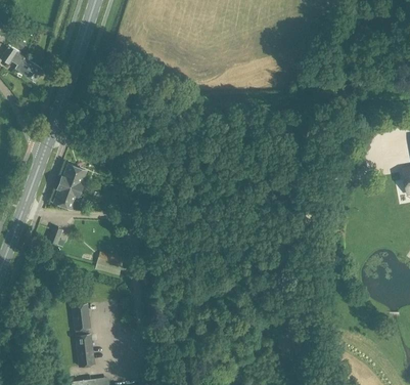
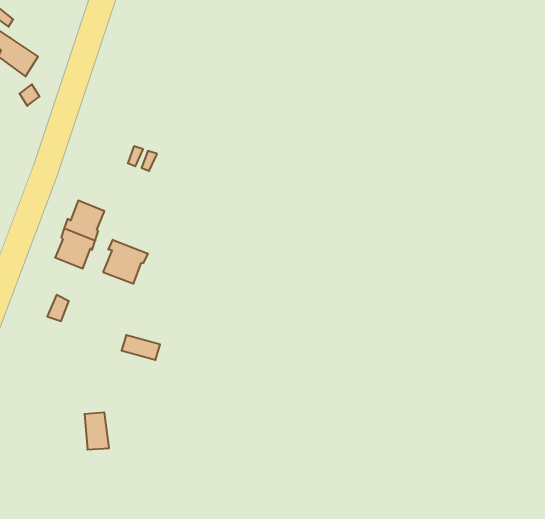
building: none -> [103,240,148,284]
building: [77,334,93,363] -> none

